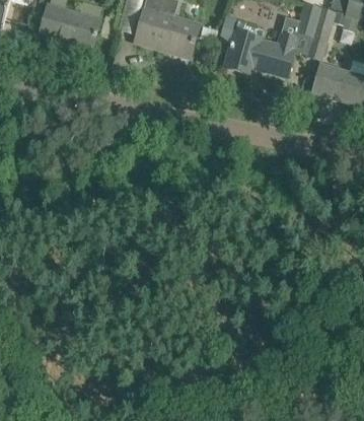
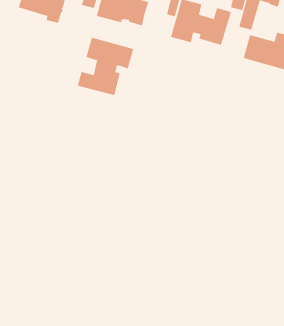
building: none -> [77,37,134,96]

